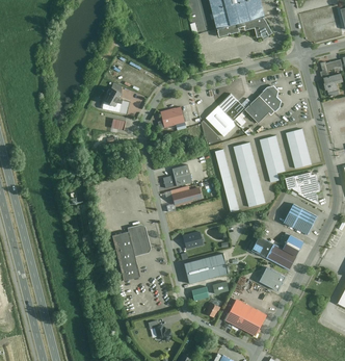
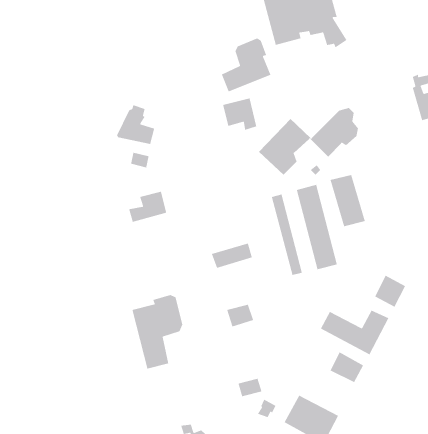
building: none -> [221,38,271,93]
building: [160,105,186,130] -> [222,97,257,131]
building: [286,128,311,167] -> none
building: [163,163,192,187] -> [128,191,167,223]
building: [285,171,320,204] -> none
building: [183,250,229,281] -> none

